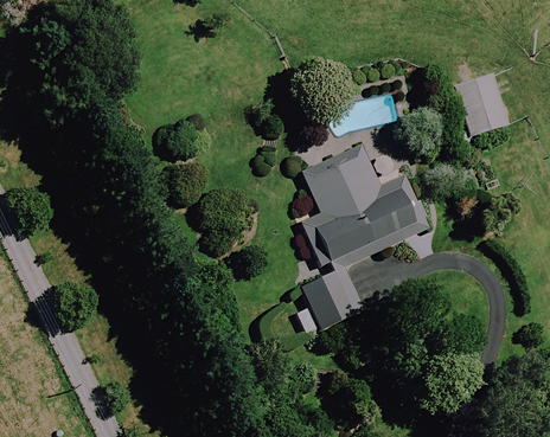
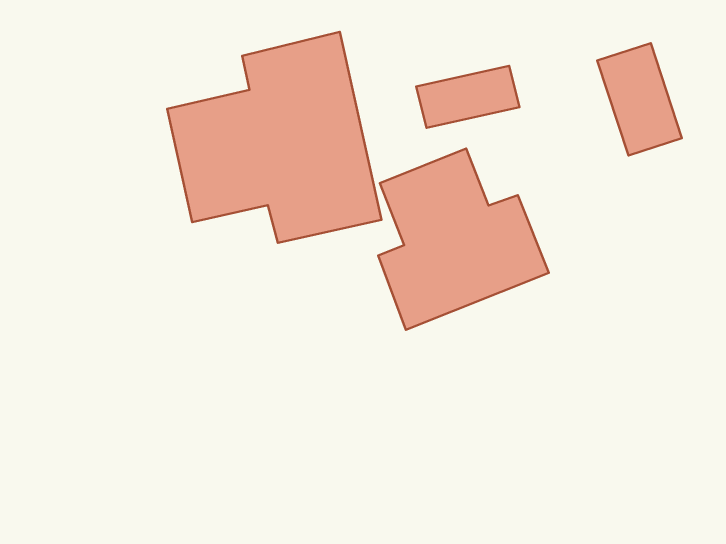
building: none -> [167,32,381,243]
building: [299,271,354,332] -> none

